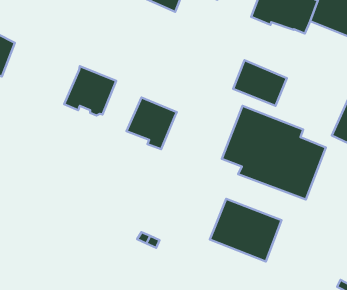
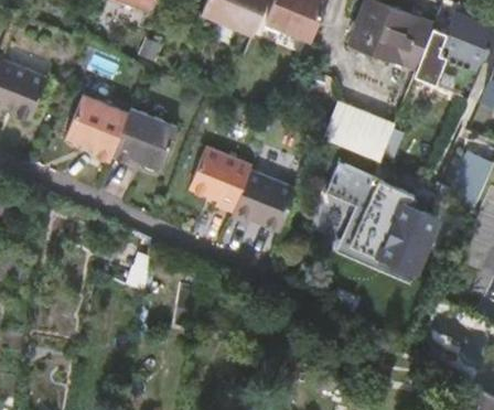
building: none -> [65,96,129,163]
building: none -> [232,172,297,233]
building: [210,199,281,262] -> none

